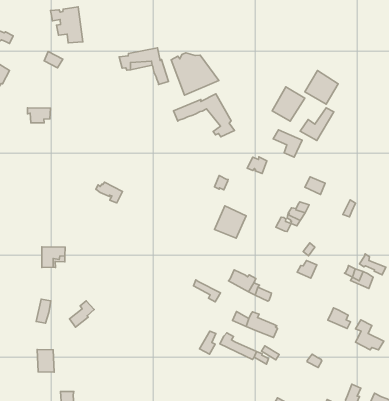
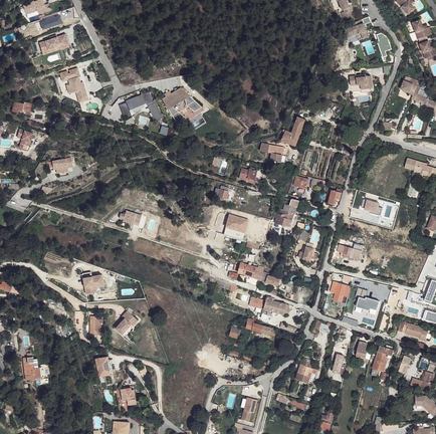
building: [305,71,338,104] -> none
building: [272,87,305,121] -> none
building: [173,94,235,137] -> none

